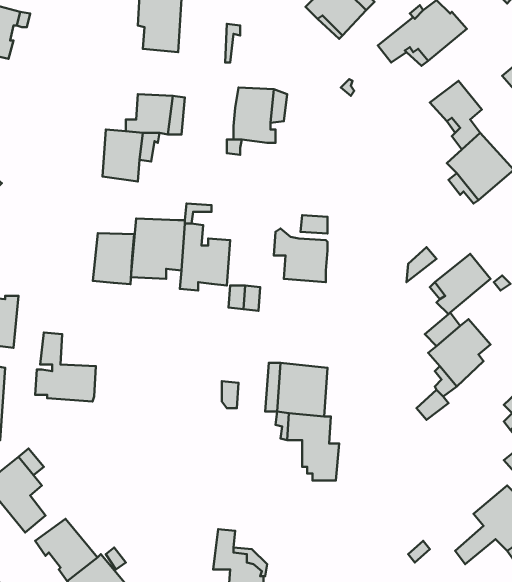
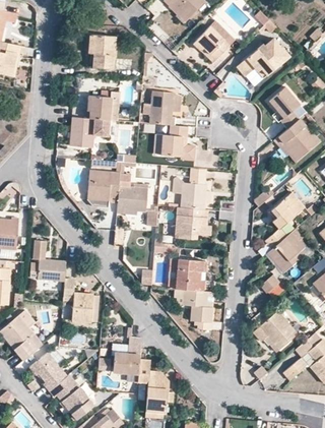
building: none -> [152,125,196,159]
building: [93,233,134,284] -> none
building: none -> [175,207,208,239]
building: none -> [63,279,99,323]
building: none -> [253,310,298,353]
building: none -> [113,337,141,375]

